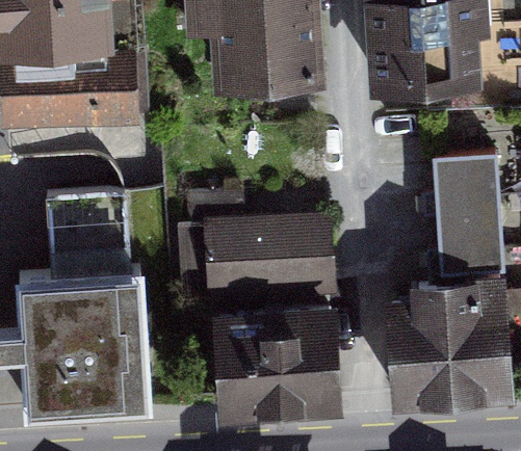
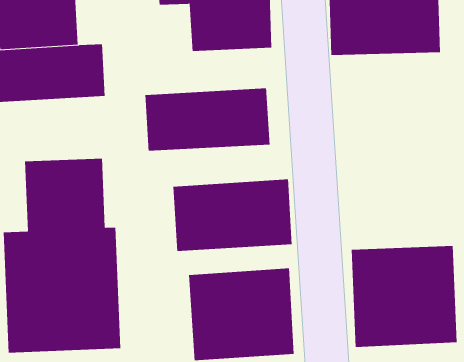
building: none -> [145,87,270,151]
building: [434,158,504,285] -> none

